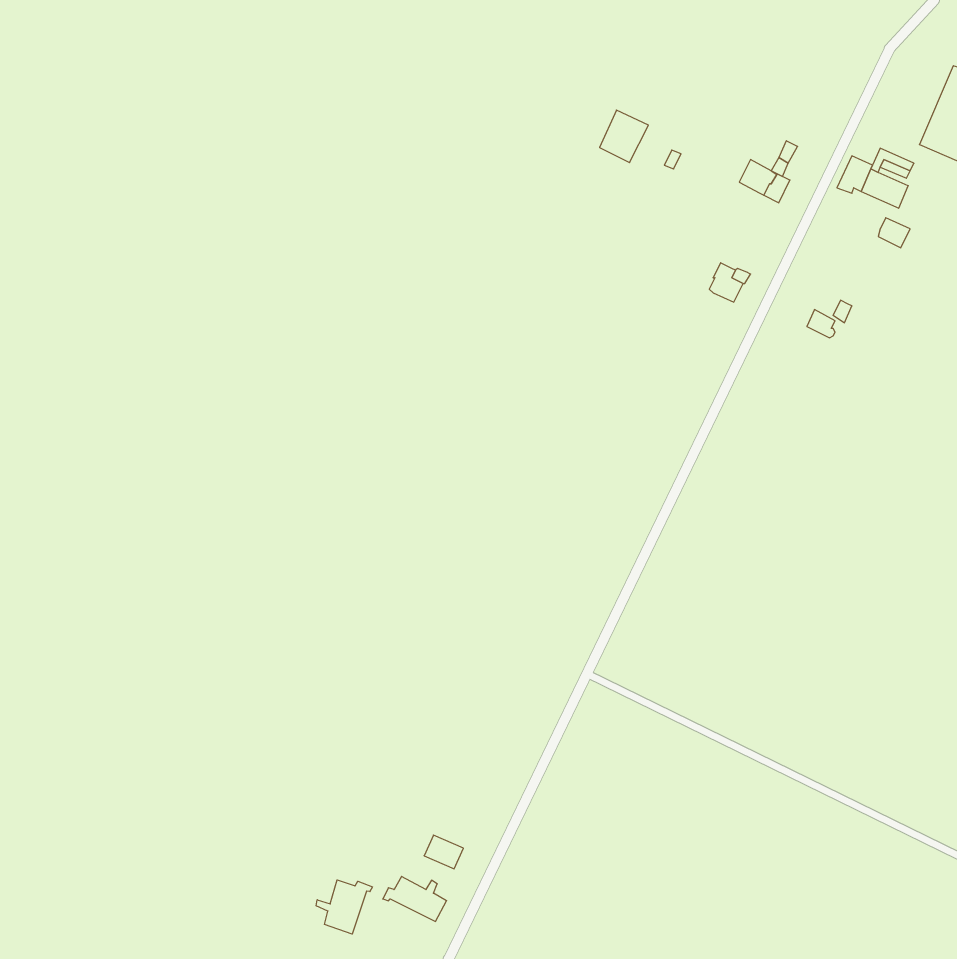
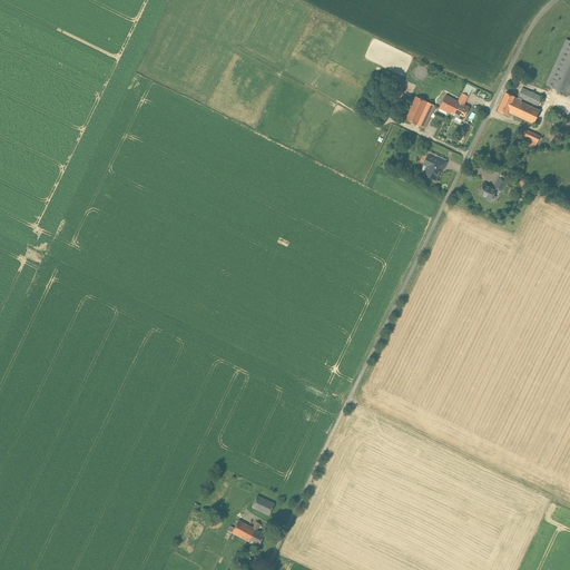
building: [600,110,648,163] -> [406,97,435,128]
building: [316,880,372,934] -> none

